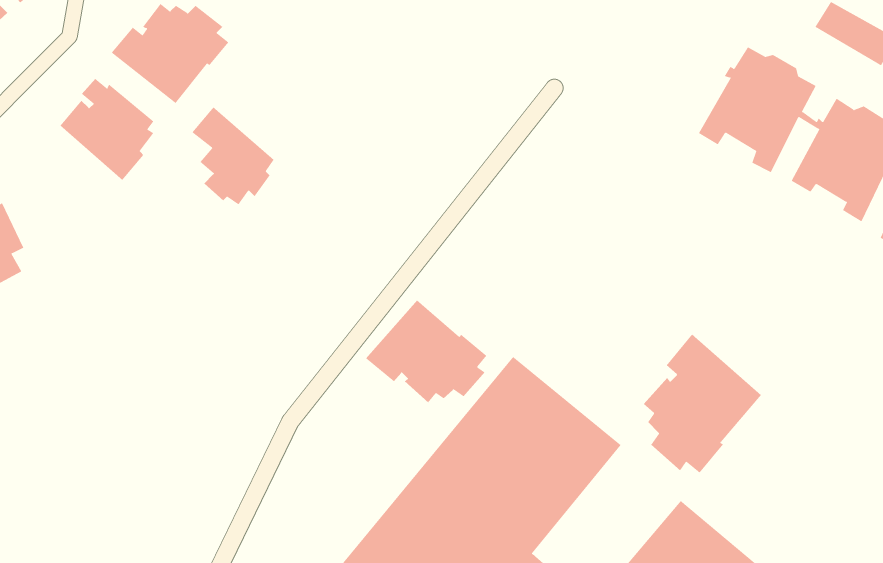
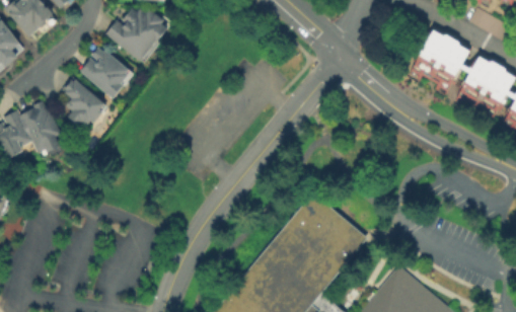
building: [192,106,274,205] -> [62,77,104,128]
building: [365,300,487,403] -> none
building: [643,333,762,474] -> none

